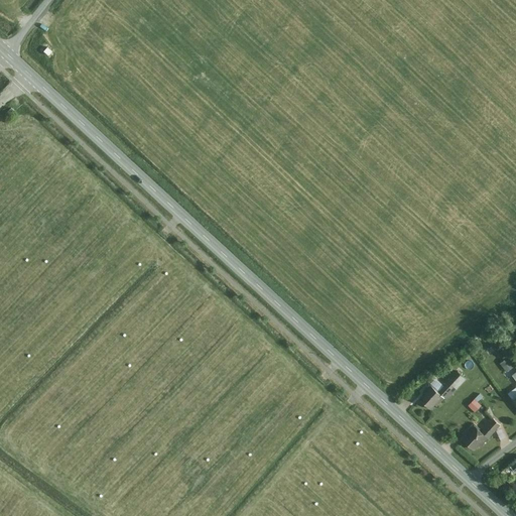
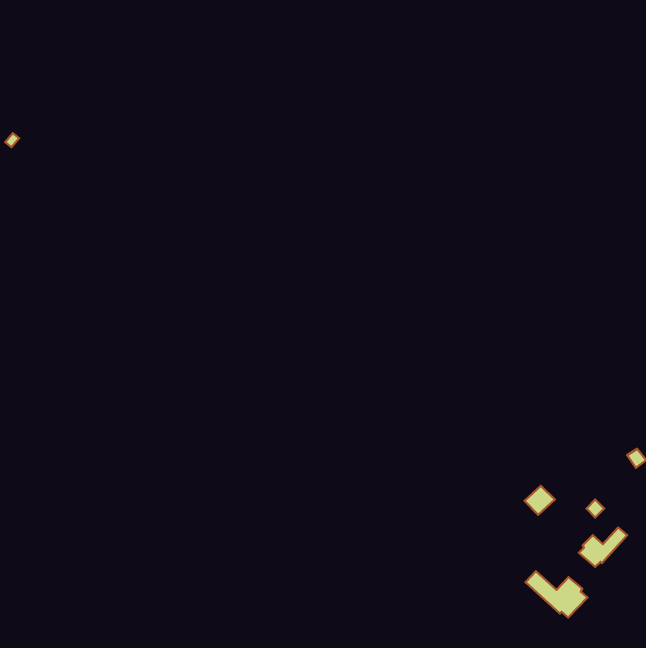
building: none -> [525,571,588,617]

